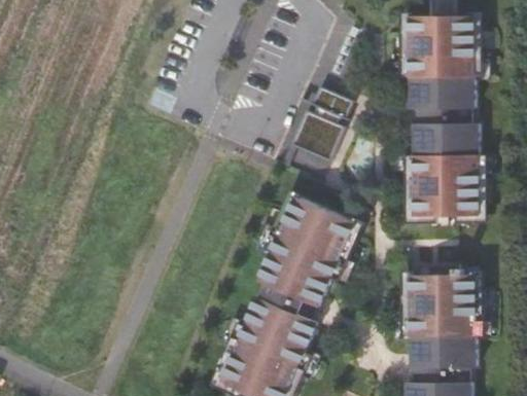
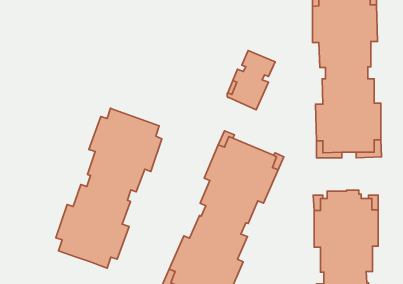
building: none -> [56,108,162,268]

